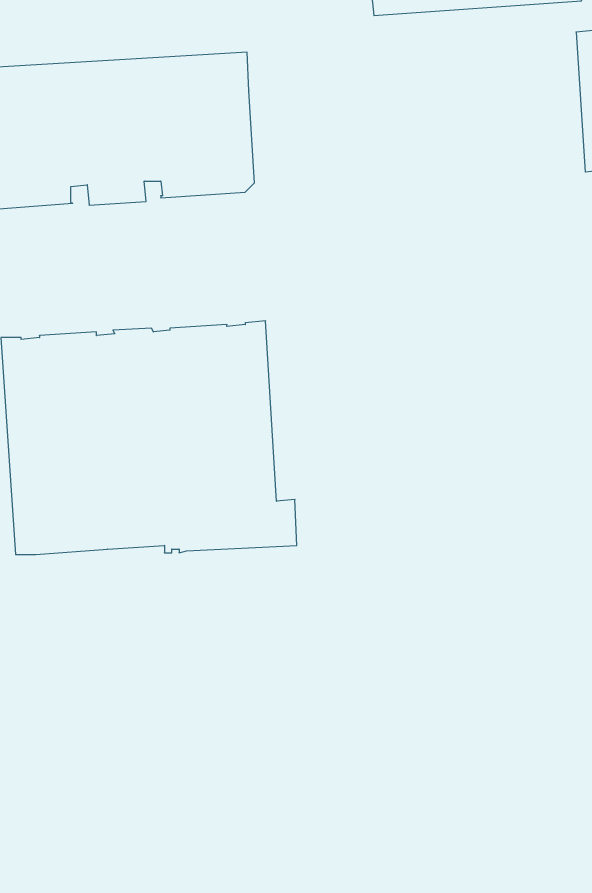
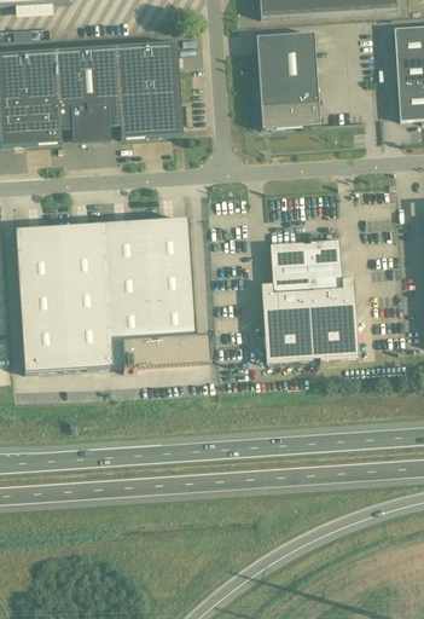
building: none -> [255,30,319,126]
building: none -> [260,237,358,361]

